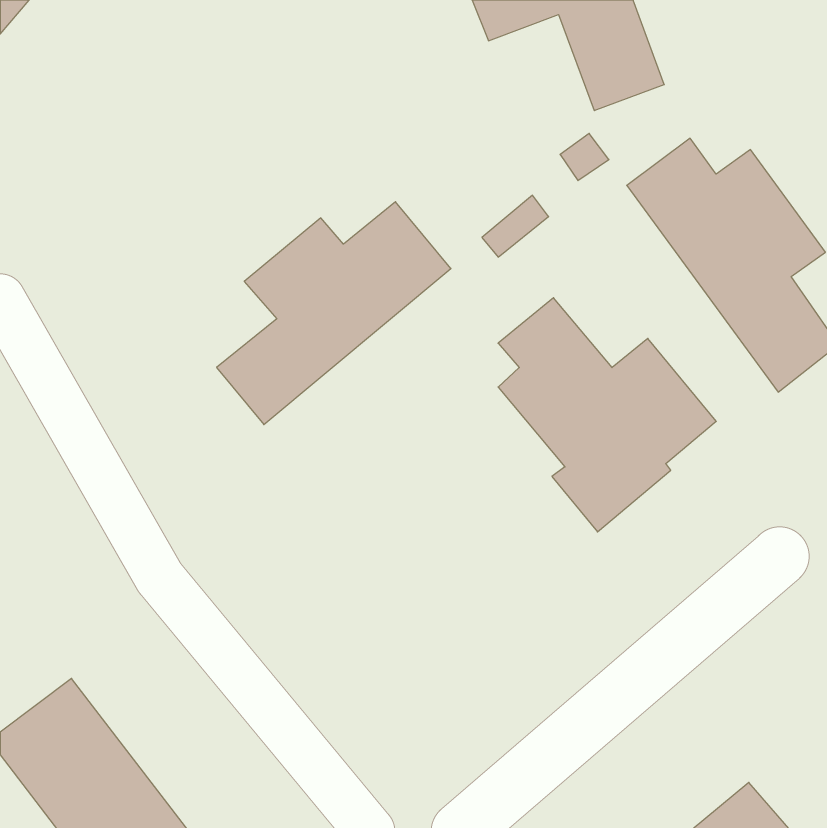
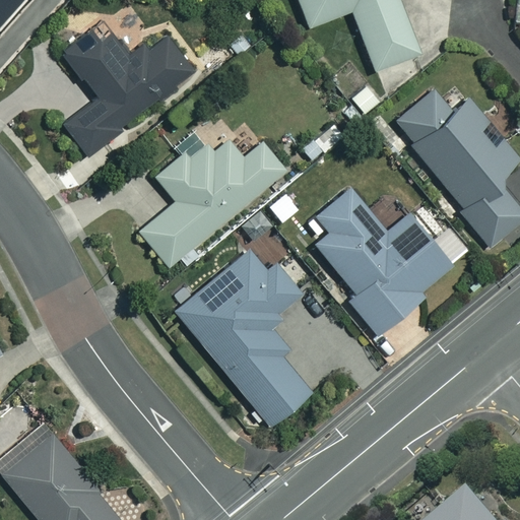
building: none -> [63,6,195,155]
building: none -> [177,246,307,419]

